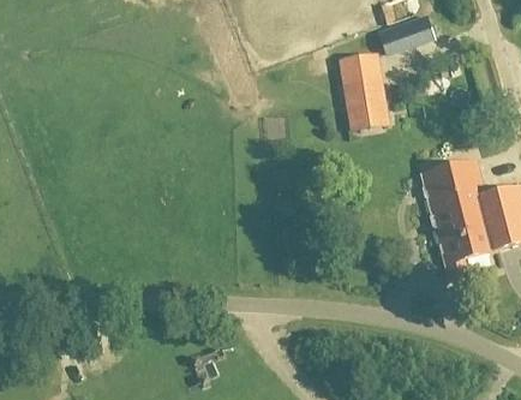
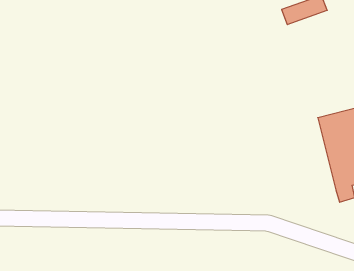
building: [339,53,390,132] -> none

